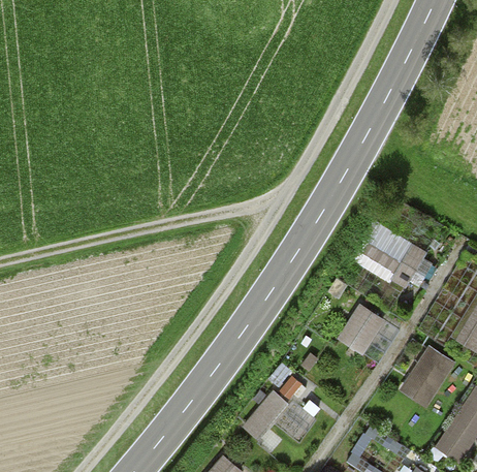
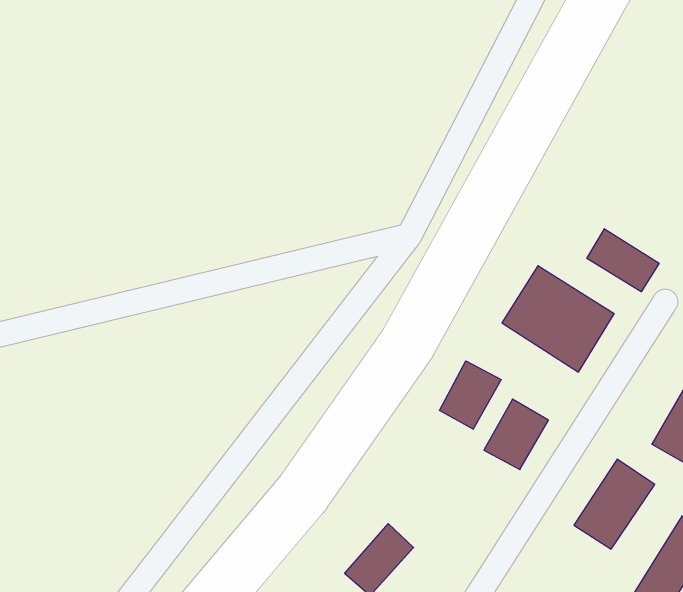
building: none -> [587,229,659,292]
building: none -> [439,361,501,429]

